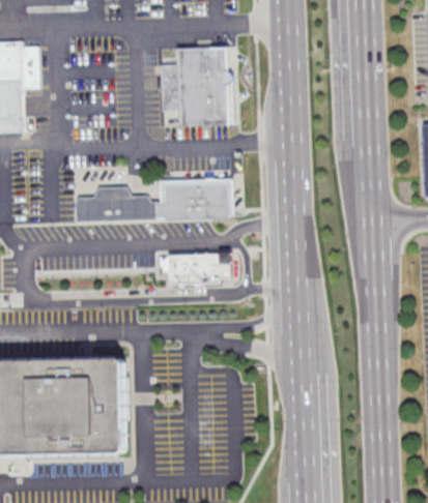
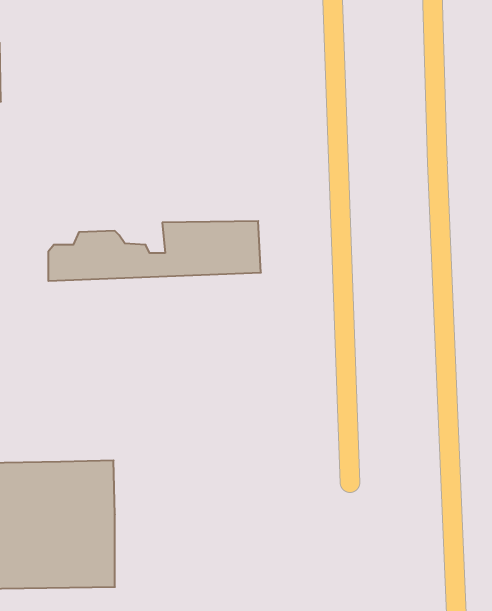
building: [160,47,228,125] -> none
building: [168,255,231,288] -> none

